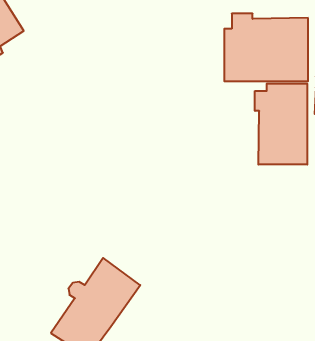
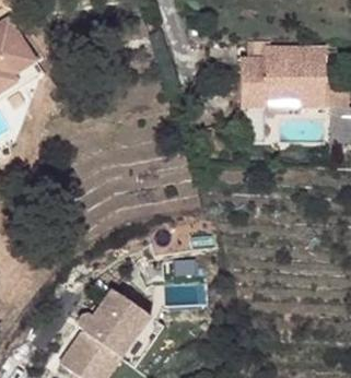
building: [255,84,307,165] -> none

